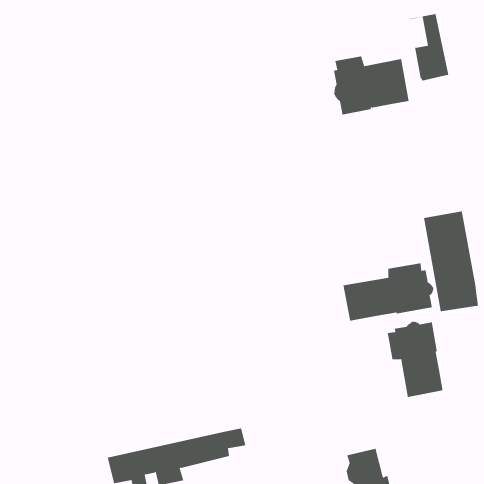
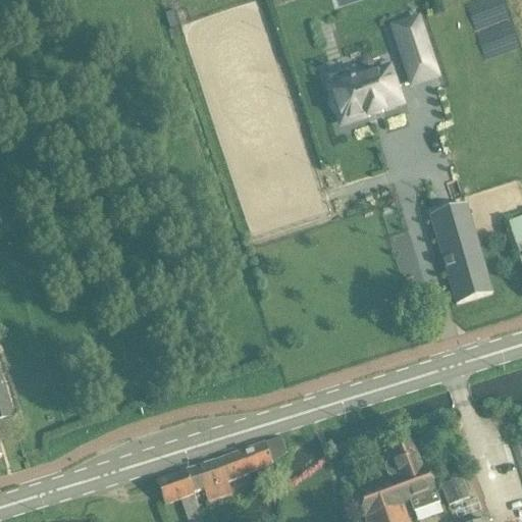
building: [343,262,434,321] -> none
building: [387,321,443,398] -> none

